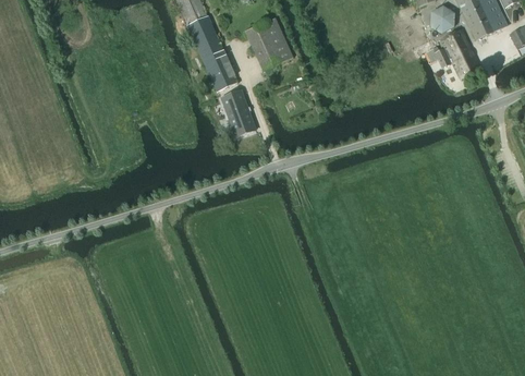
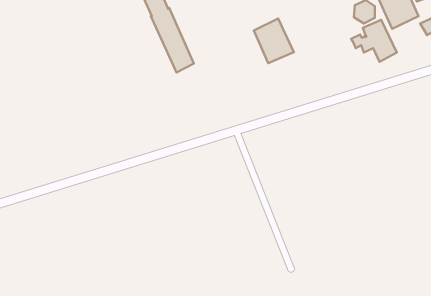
building: [245,16,293,70] -> [254,19,294,63]
building: [221,89,255,136] -> none

